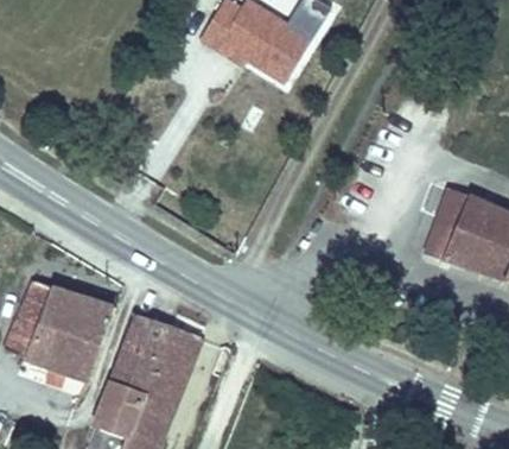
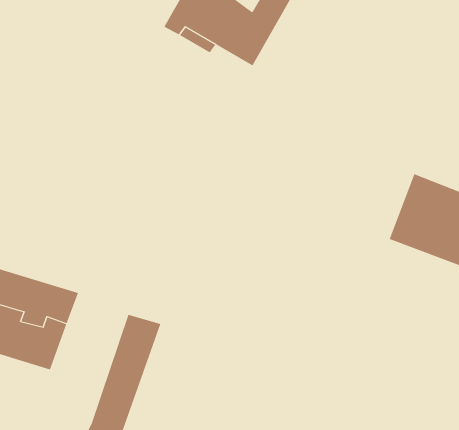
building: [95,315,165,435] -> none

